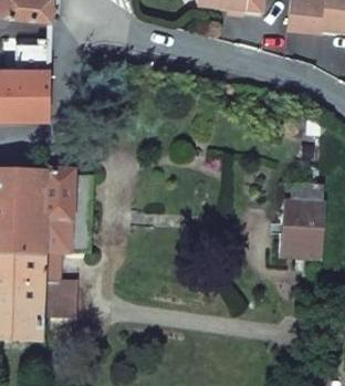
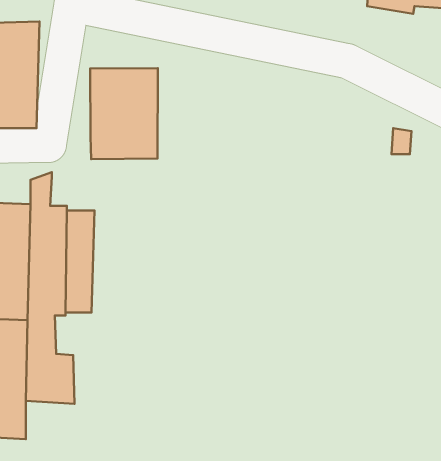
building: none -> [90,68,158,159]
building: [289,189,323,263] -> none

